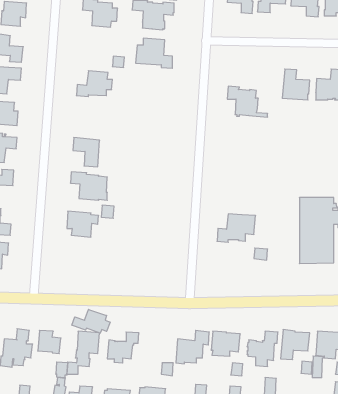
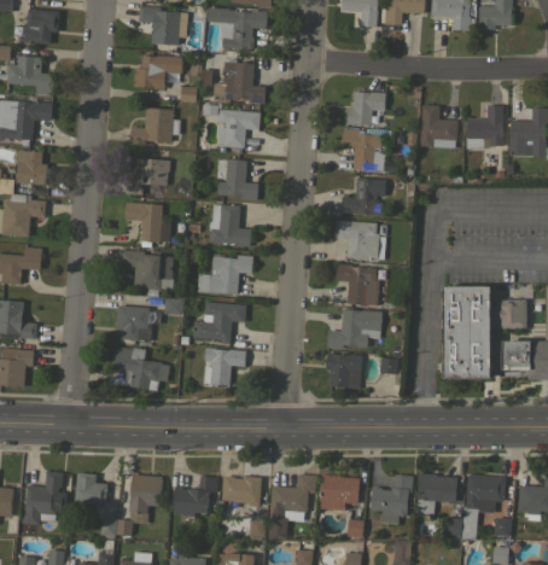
building: none -> [133,56,182,89]
building: none -> [346,92,385,126]
building: none -> [217,110,260,153]
building: none -> [126,158,169,197]
building: none -> [215,159,257,200]
building: none -> [340,177,385,215]
building: none -> [209,204,251,246]
building: none -> [334,220,385,260]
building: none -> [197,254,252,293]
building: none -> [336,263,378,305]
building: none -> [192,302,246,343]
building: none -> [113,346,162,391]
building: none -> [204,348,245,385]
building: none -> [326,353,361,388]
building: [72,309,110,333] -> none
building: none -> [222,476,261,506]

